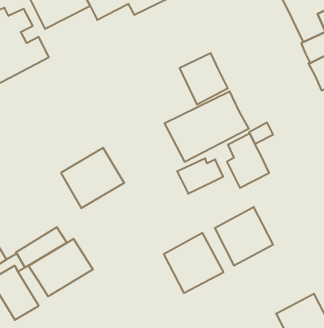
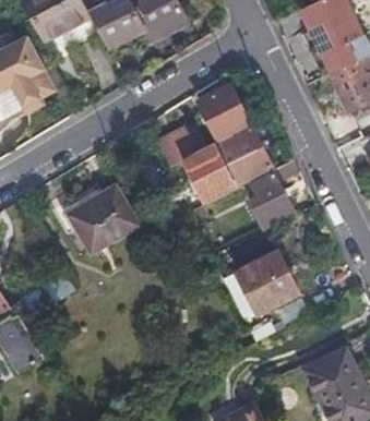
building: [177,158,223,194] -> [156,128,206,166]
building: [164,233,223,293] -> none
building: [29,239,93,296] -> none

